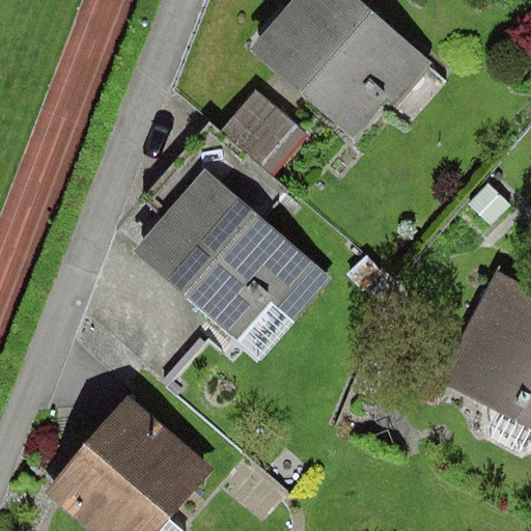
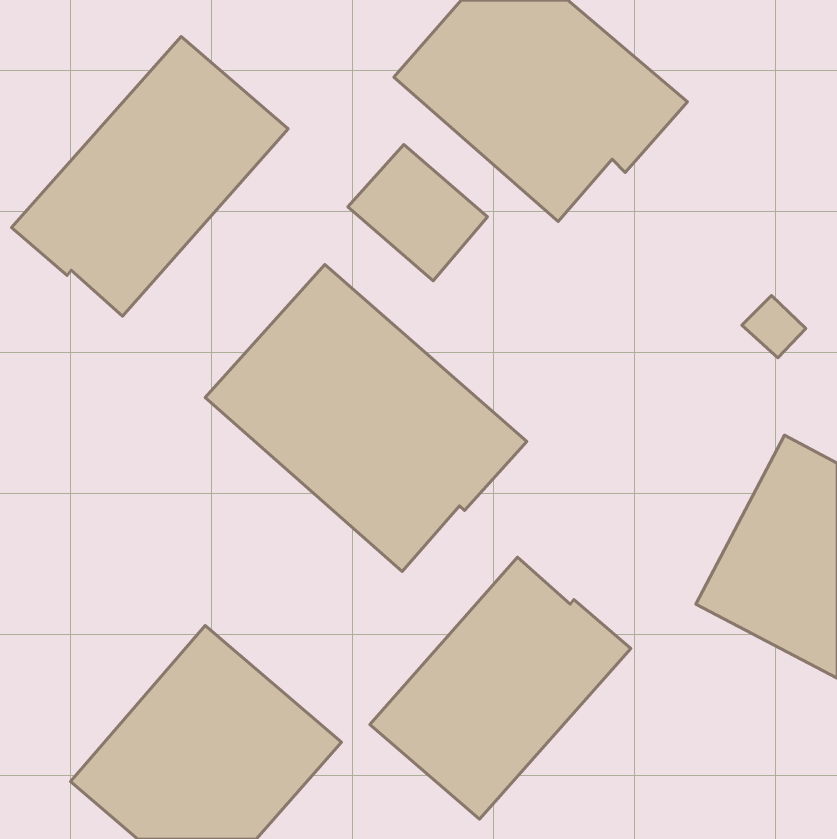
building: none -> [11,36,288,316]
building: none -> [370,557,631,819]

